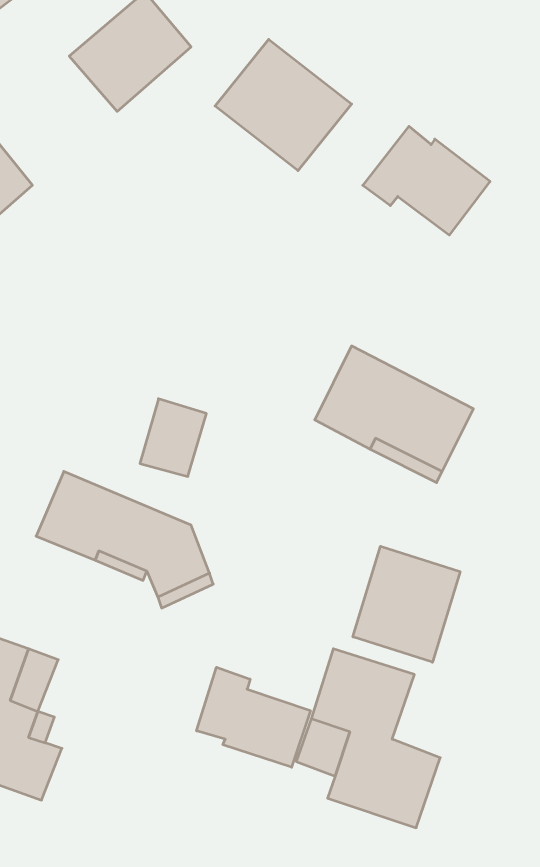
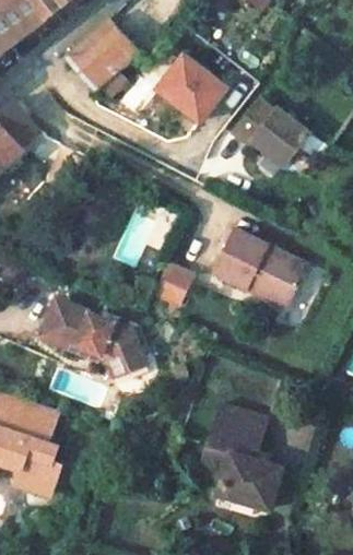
building: [140,399,206,476] -> [154,263,193,309]
building: [353,546,460,662] -> none
building: [197,667,310,767] -> none

